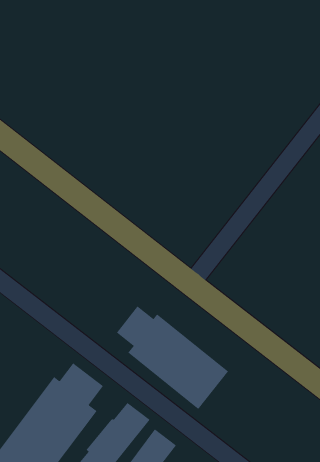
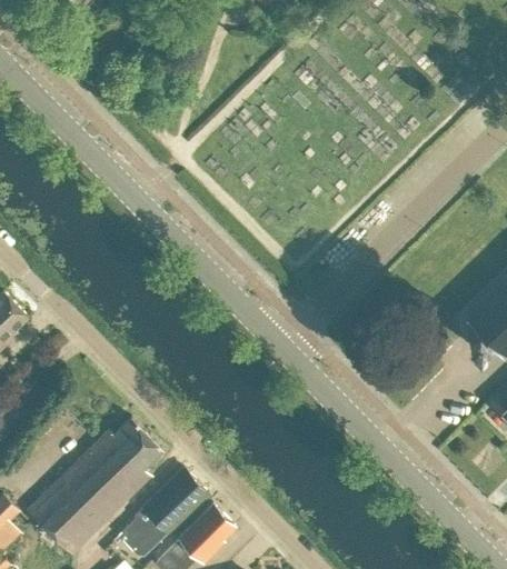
building: [116,306,229,410] -> none

